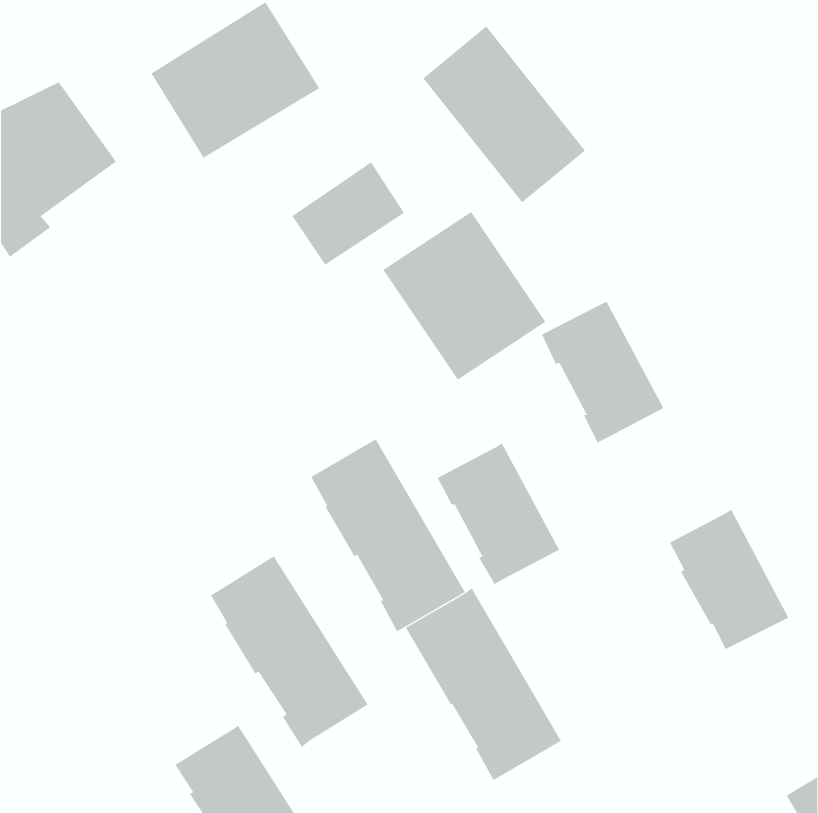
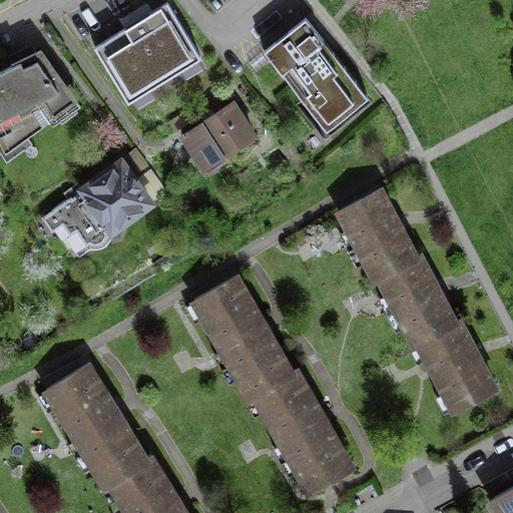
building: [382,211,546,381] -> none
building: none -> [42,162,150,246]
building: [437,443,560,585] -> [378,256,455,346]
building: [210,556,369,748] -> [47,366,146,486]

